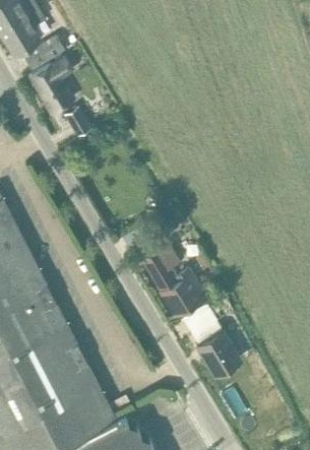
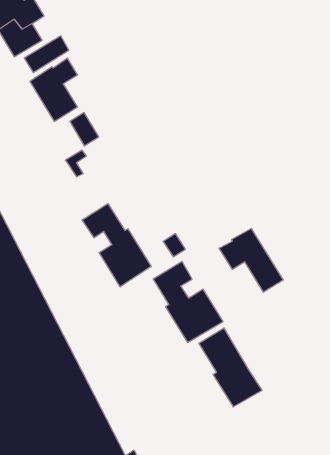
building: none -> [82,204,151,287]
building: none -> [219,228,283,292]

